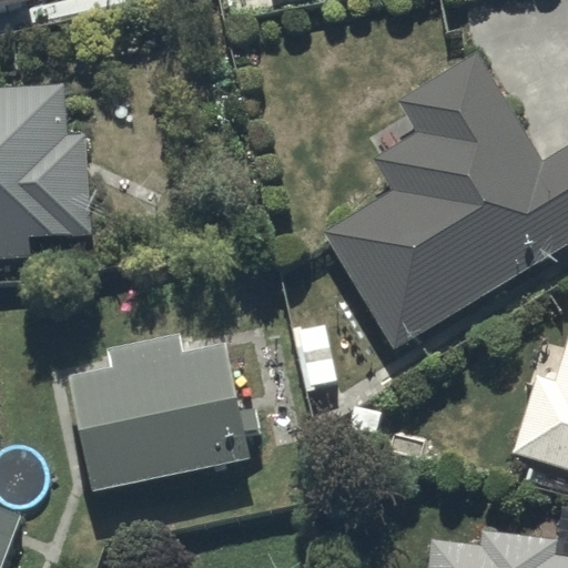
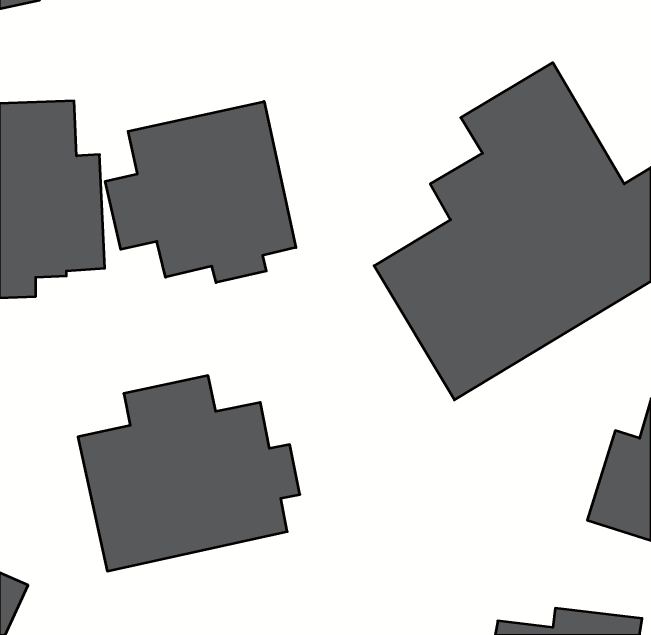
building: none -> [105,101,296,283]

